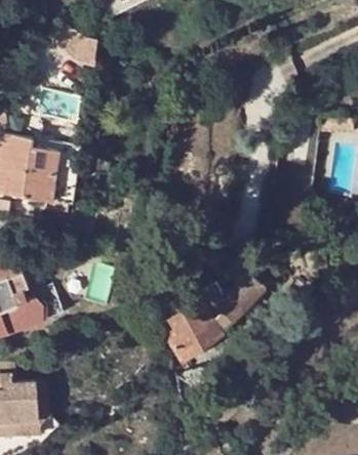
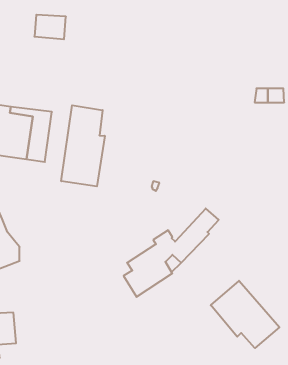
building: none -> [61,105,105,186]
building: none -> [211,281,279,348]

